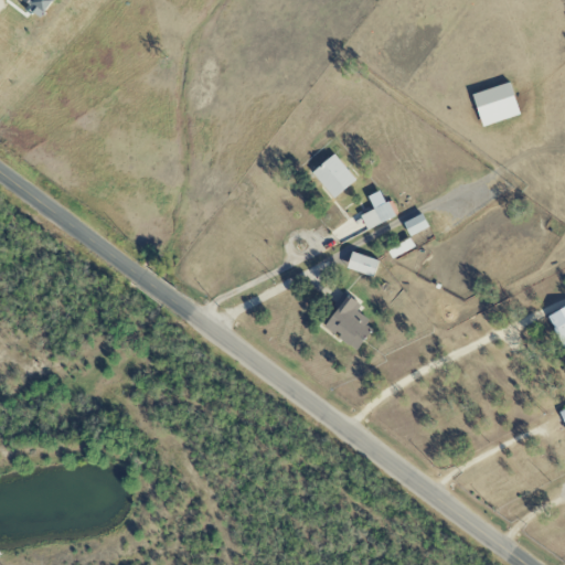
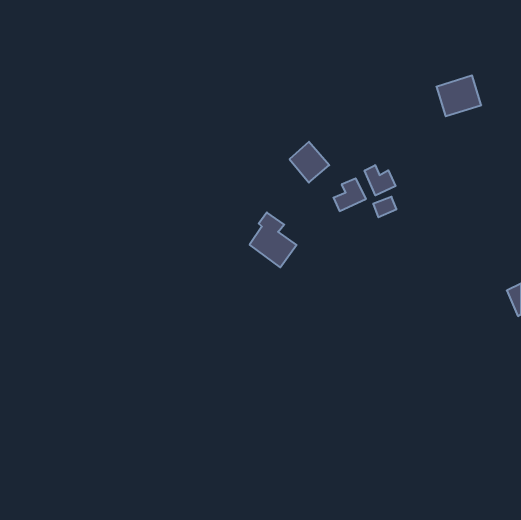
building: none -> [365,165,396,195]
building: [348,252,379,276] -> none
building: [324,291,375,351] -> [250,212,297,267]

